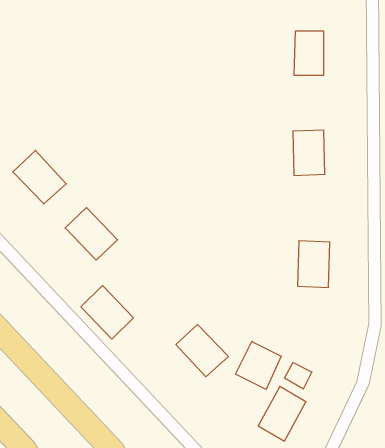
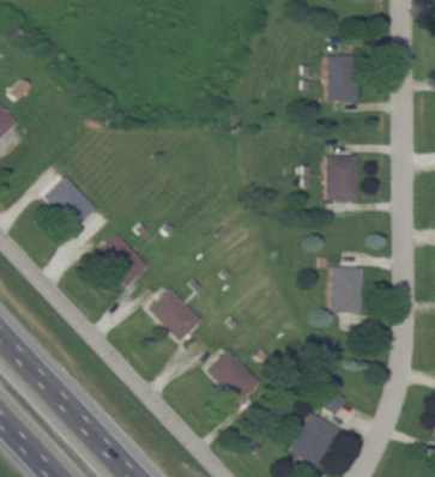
building: [81,286,133,339] -> [147,288,200,342]
building: [236,341,281,389] -> none

